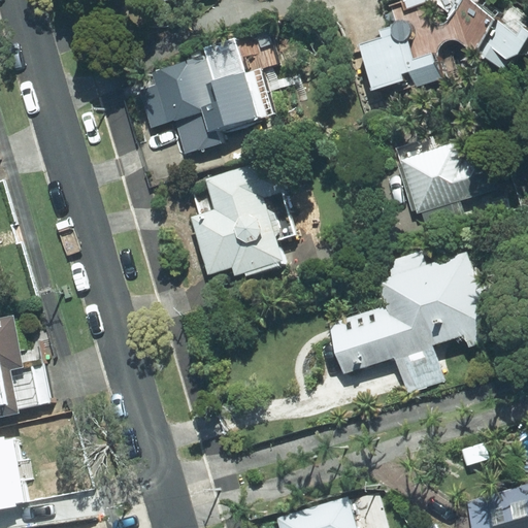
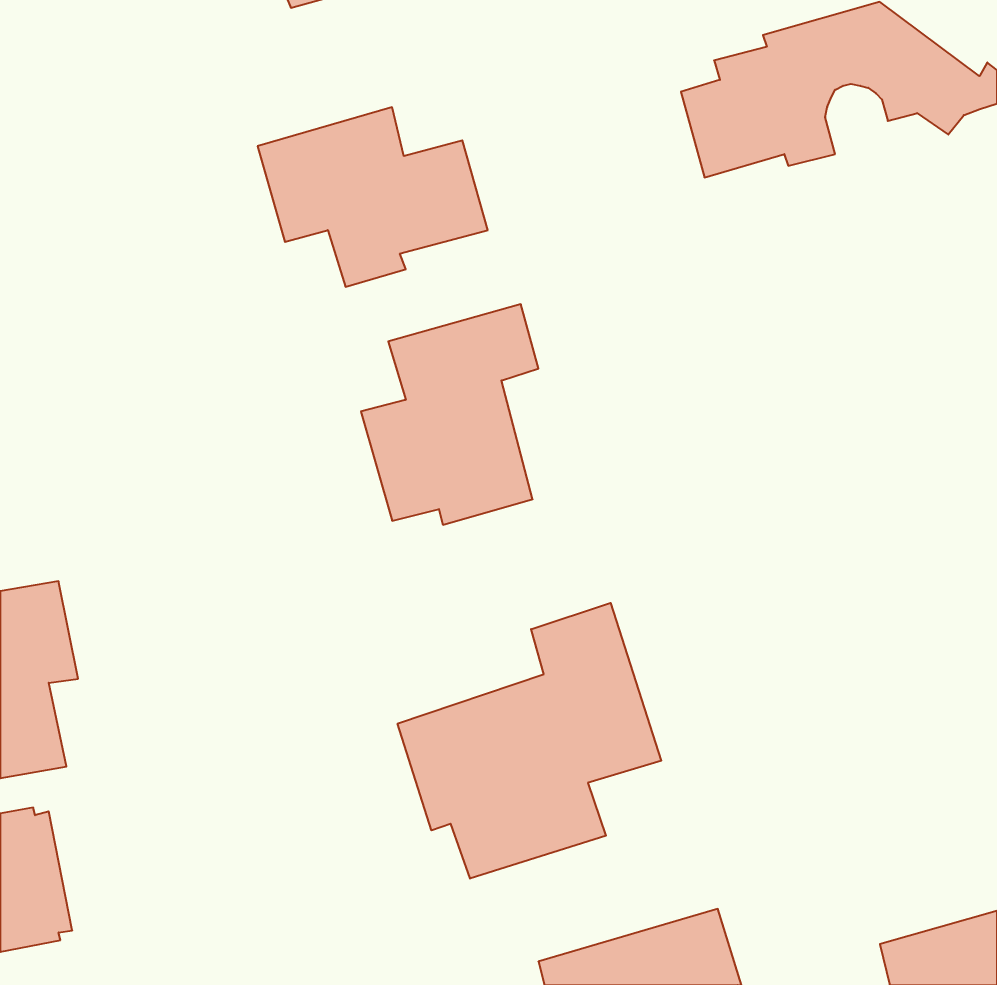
building: [397,139,481,230] -> none
building: [322,251,495,393] -> none
building: none -> [398,603,661,879]

